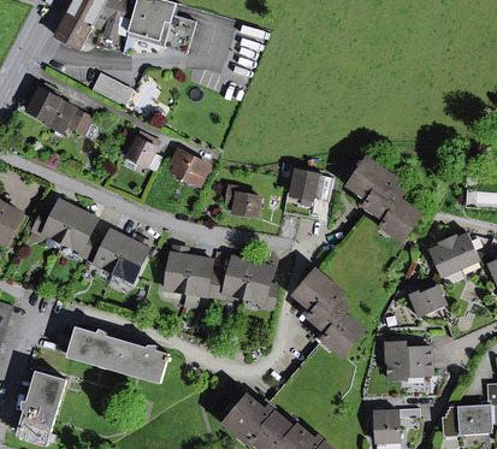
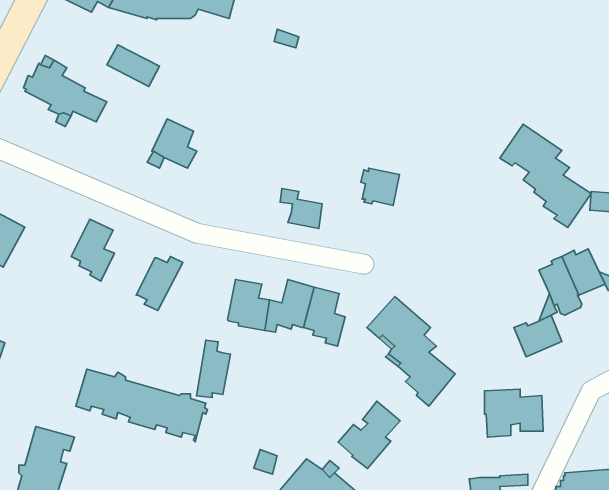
building: [170,149,208,189] -> none
building: [348,159,419,240] -> [500,124,591,228]
building: [32,200,78,238] -> none
building: [87,230,129,268] -> none
building: [165,246,191,290] -> [197,340,231,398]
building: none -> [338,401,400,468]

